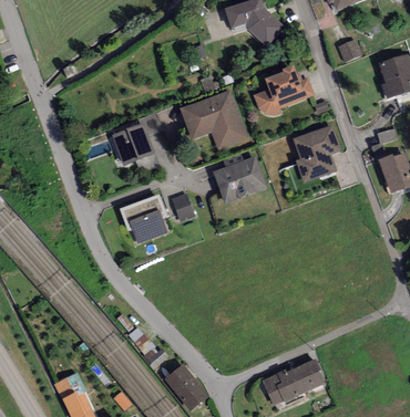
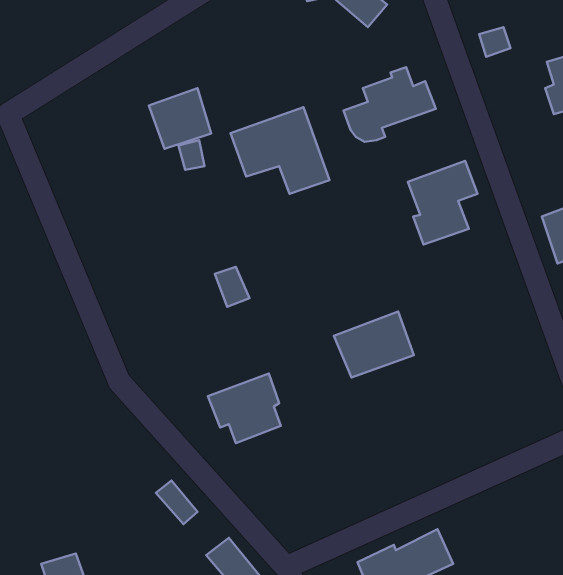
building: [113,126,153,165] -> [149,88,211,149]
building: [214,158,265,200] -> [334,312,414,378]
building: [120,196,166,240] -> [208,374,281,443]

